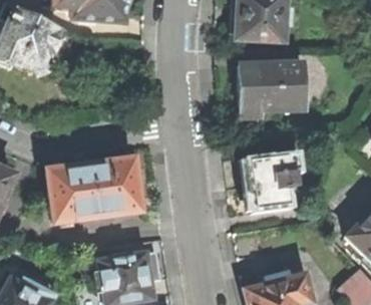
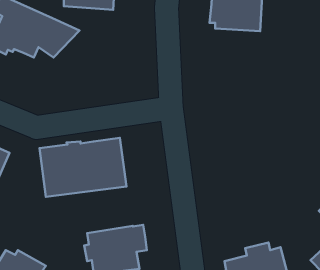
building: [238,62,304,108] -> none
building: [245,150,303,213] -> none

